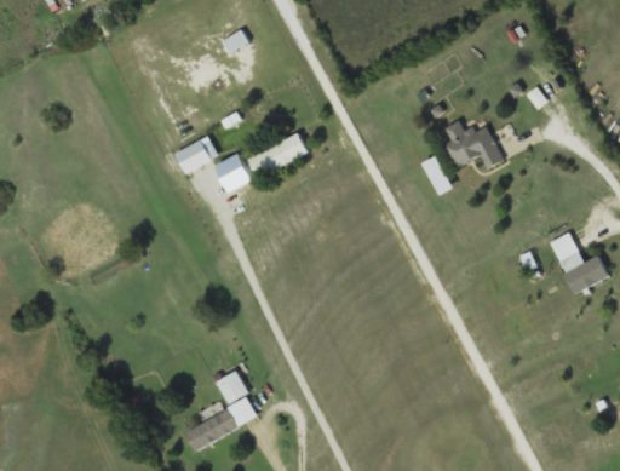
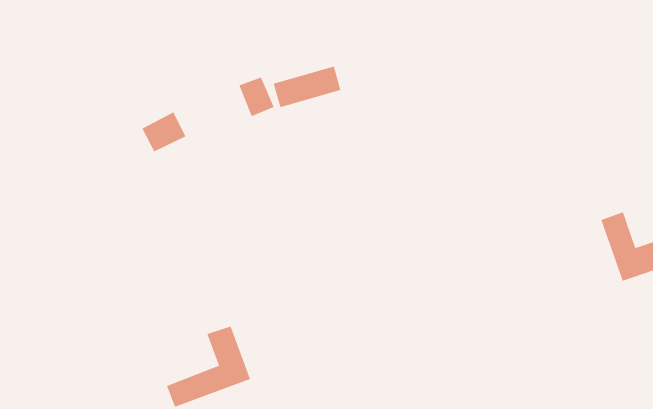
building: [441,120,503,168] -> none
building: [173,138,213,176] -> [141,112,186,152]

